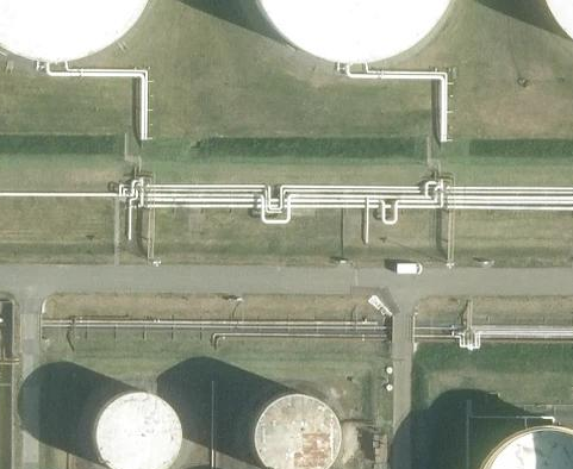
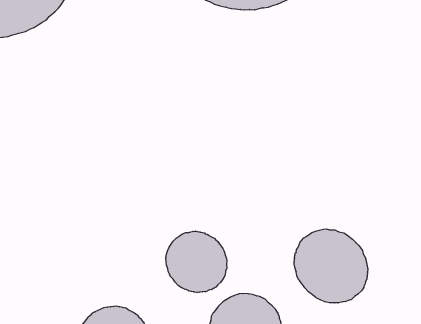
building: none -> [166,231,227,293]
building: none -> [294,229,368,303]

